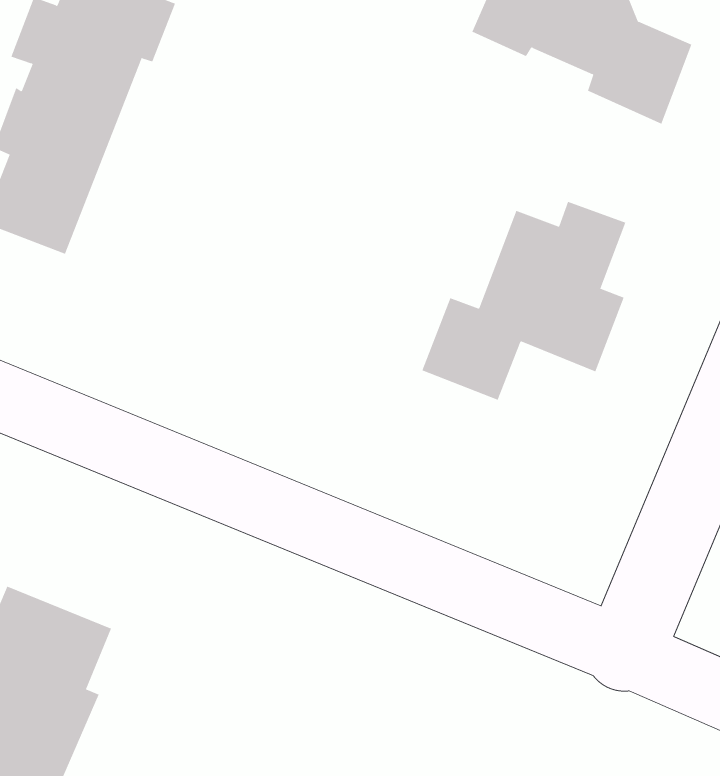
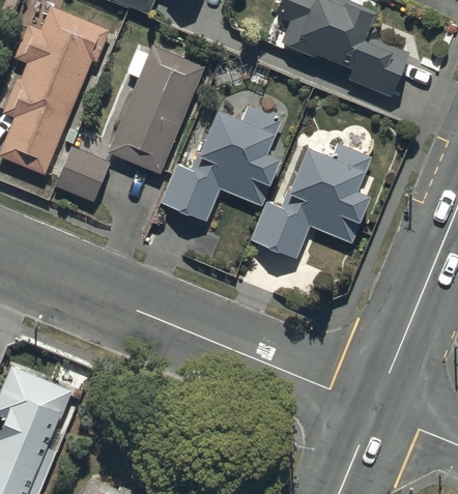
building: none -> [106,45,203,174]
building: none -> [161,106,282,223]
building: none -> [54,147,109,203]

